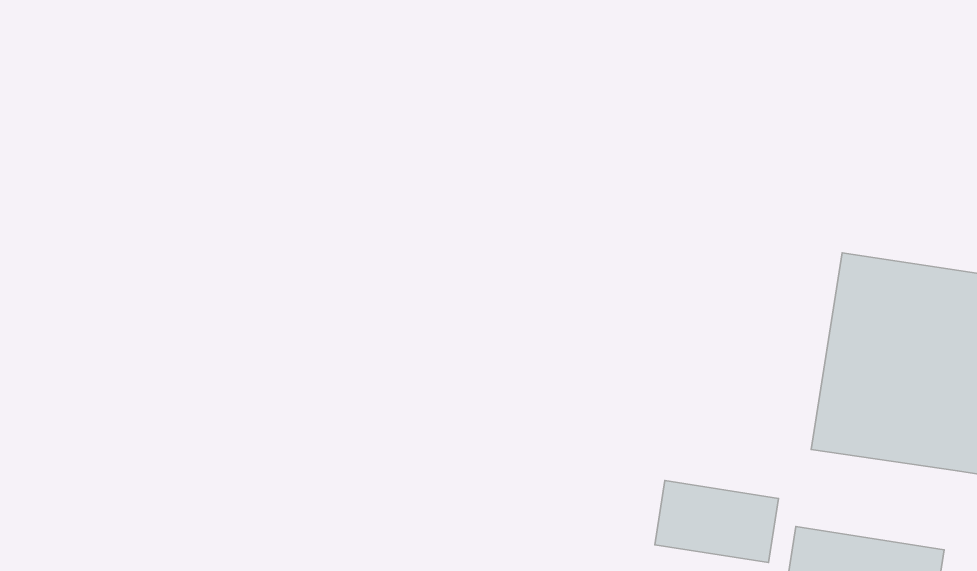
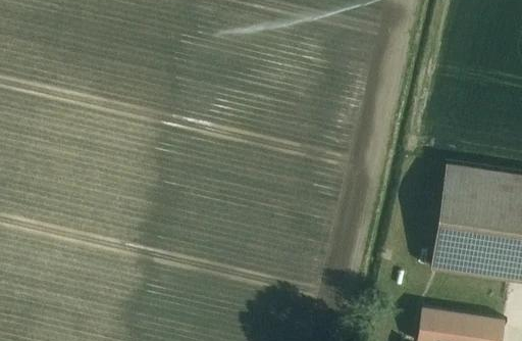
building: [655,481,778,563] -> none

